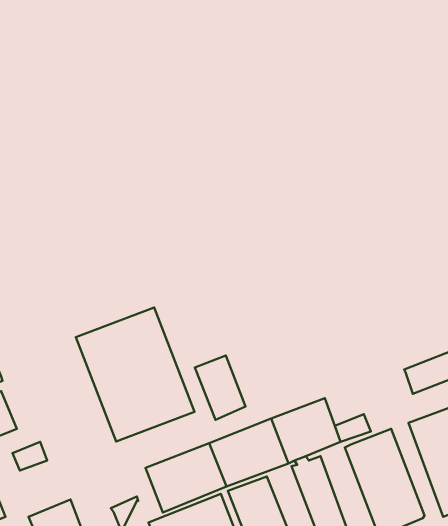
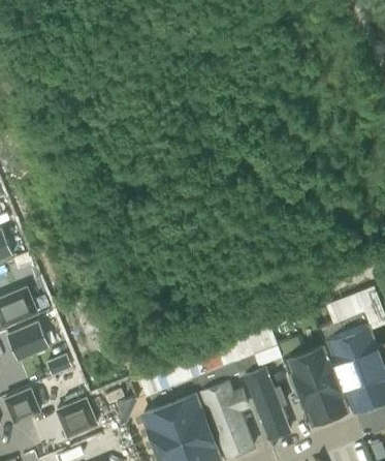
building: [76,308,194,441] -> none
building: [195,355,246,420] -> none

